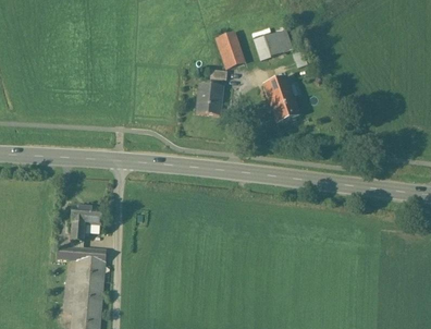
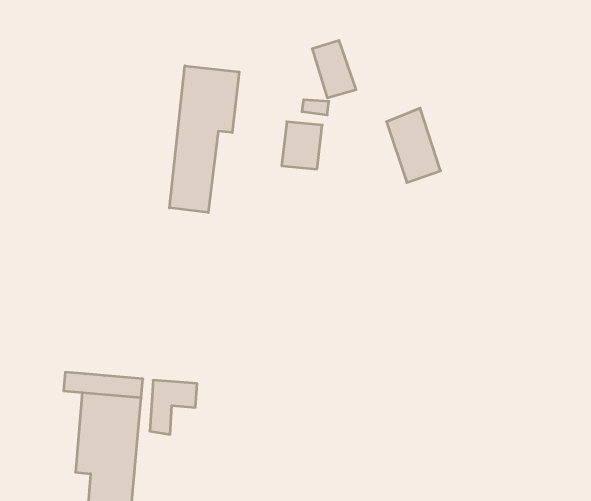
building: [263,29,292,56] -> none
building: none -> [169,66,239,213]
building: [70,206,100,241] -> [150,380,197,434]

